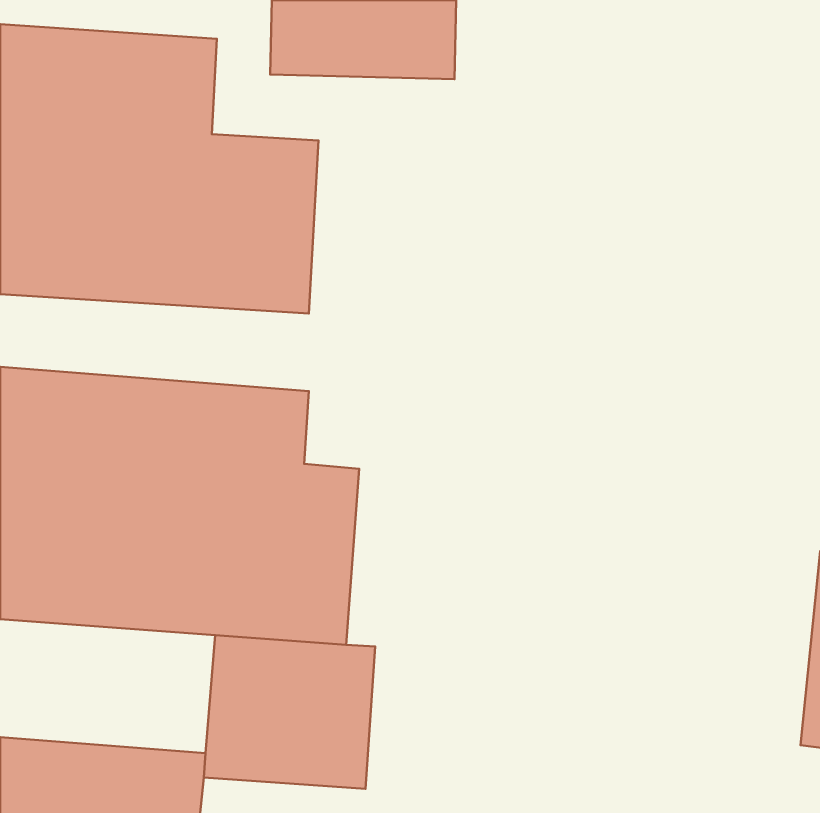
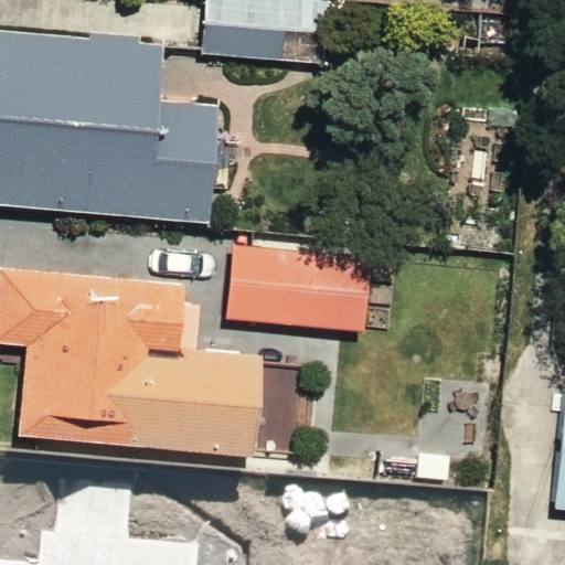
building: none -> [212,242,373,338]

